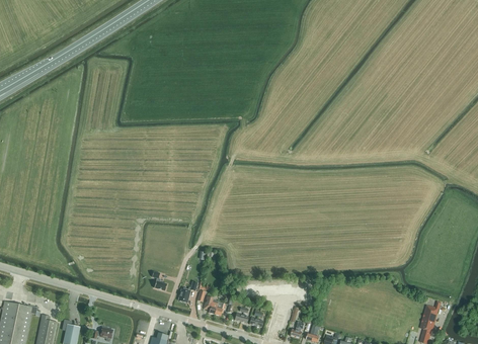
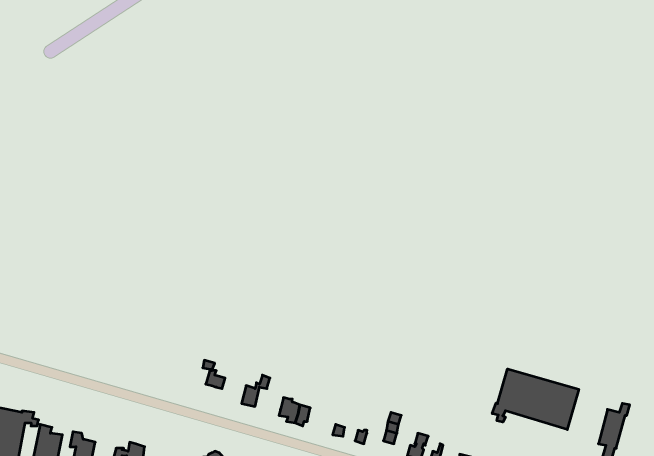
building: none -> [492,369,579,430]

